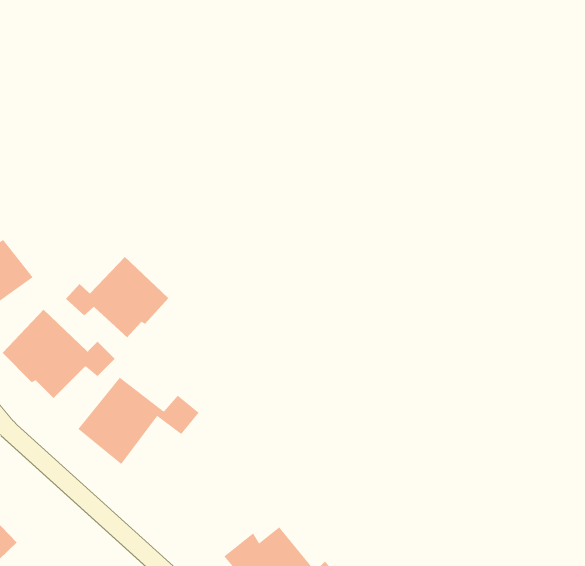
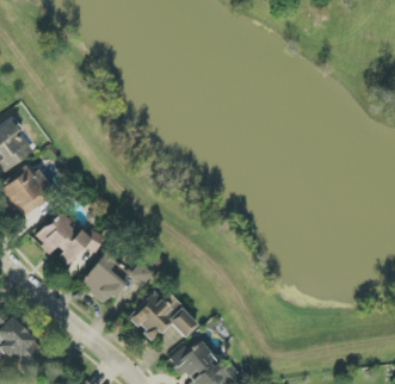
building: [65,256,169,338] -> none
building: none -> [129,291,198,340]

